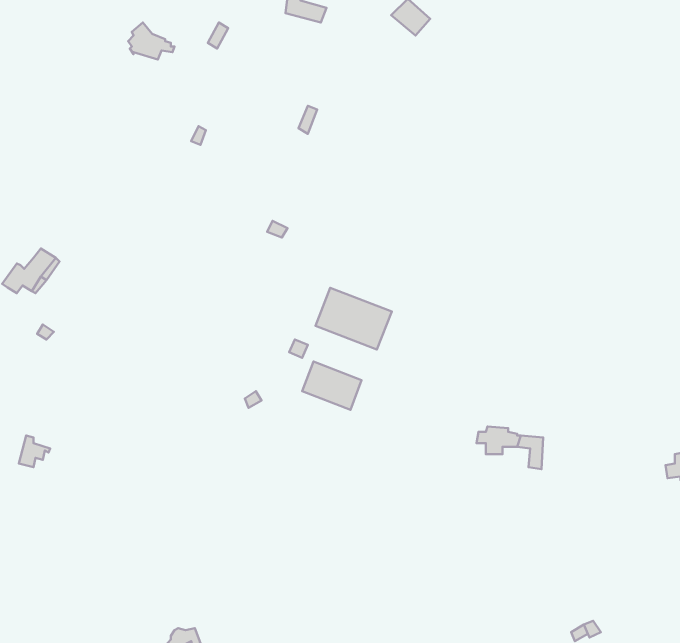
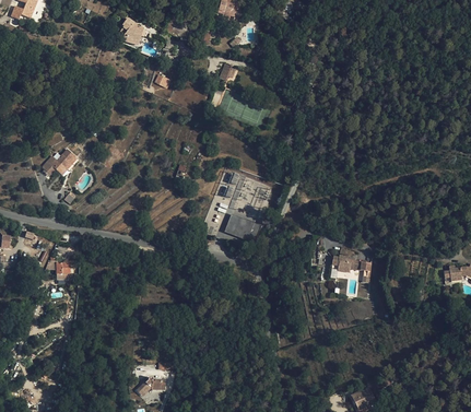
building: [315,288,392,350] -> none

